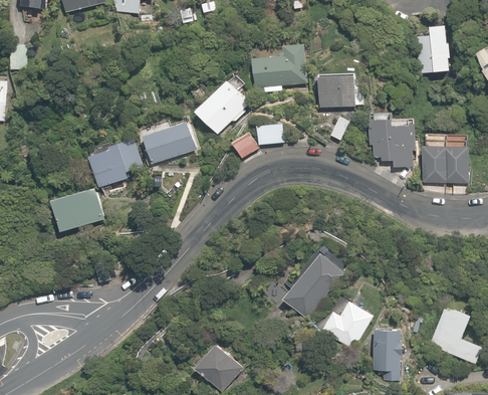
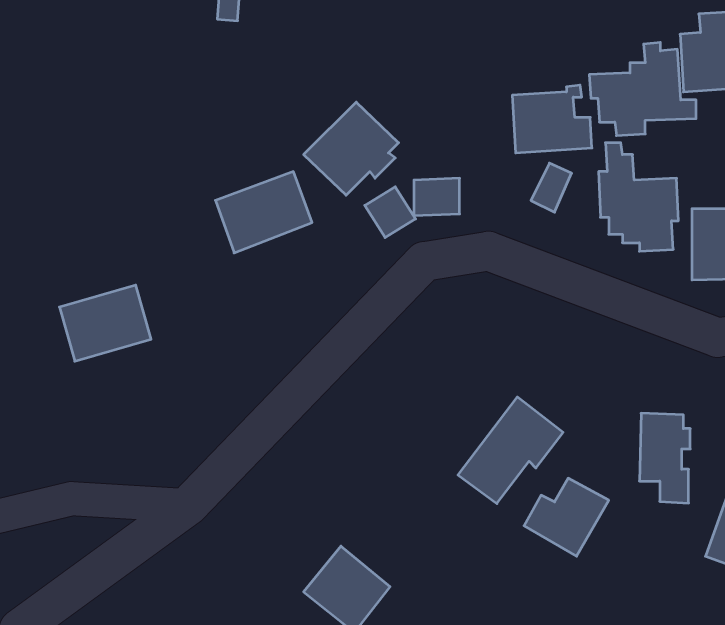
building: [249,39,312,94] -> [589,42,696,136]
building: [88,137,143,188] -> none
building: [373,330,403,383] -> [639,413,690,503]

